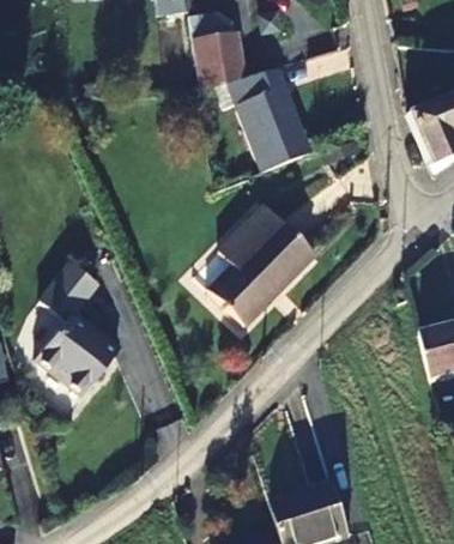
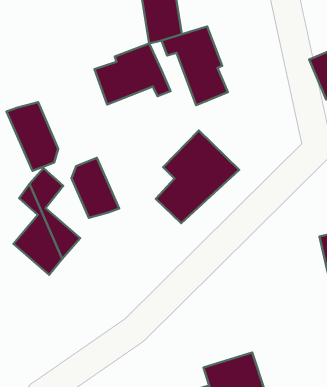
building: none -> [95,43,170,104]
building: none -> [6,102,58,171]
building: none -> [72,158,119,218]

